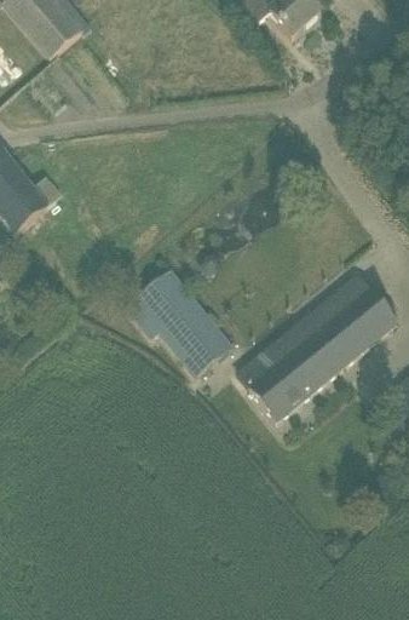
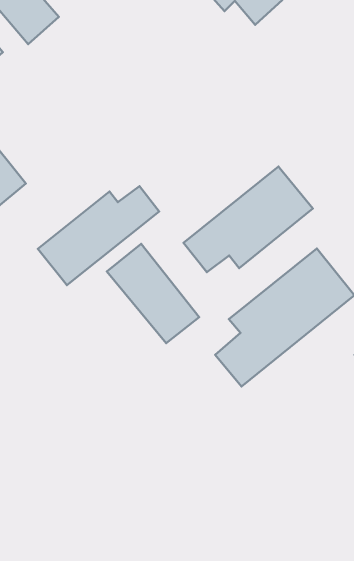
building: none -> [184,166,313,272]
building: none -> [38,186,159,285]

